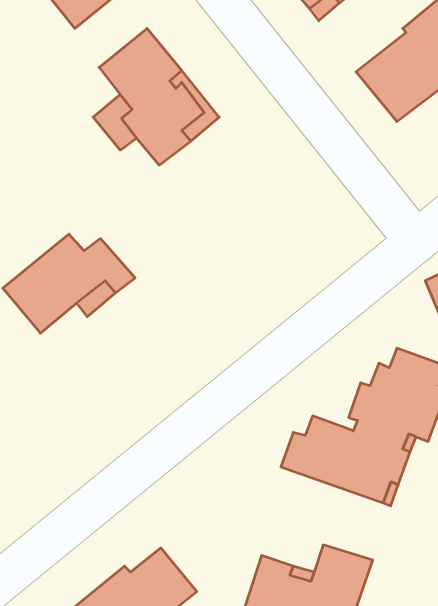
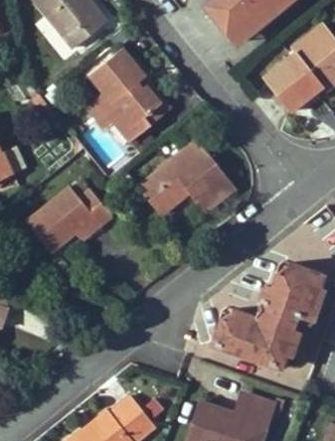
building: none -> [139,141,234,215]

